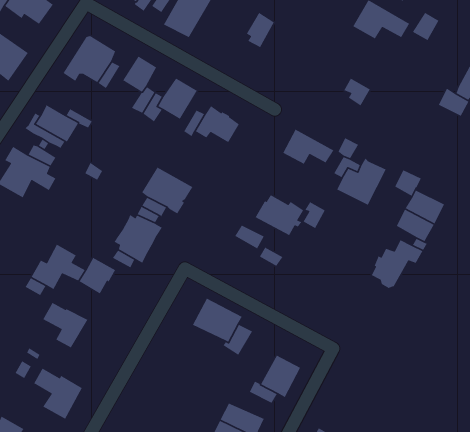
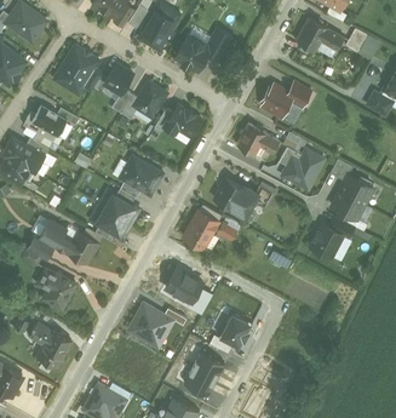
building: none -> [176,34,211,70]
building: none -> [262,84,294,115]
building: none -> [184,213,217,247]
building: none -> [128,302,174,343]

